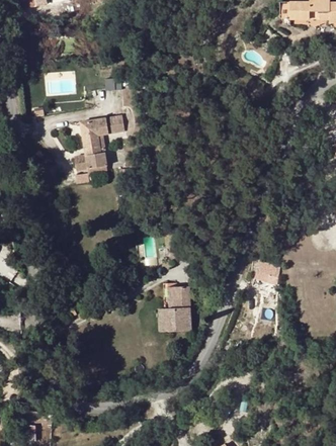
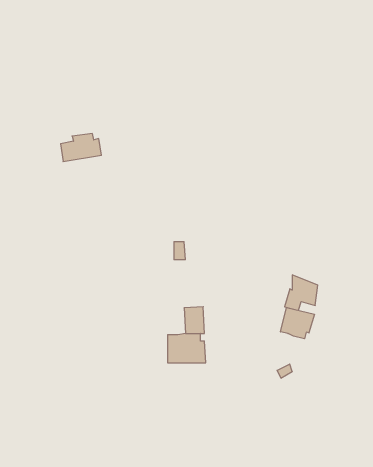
building: [79,116,123,151] -> none
building: none -> [281,308,314,339]

